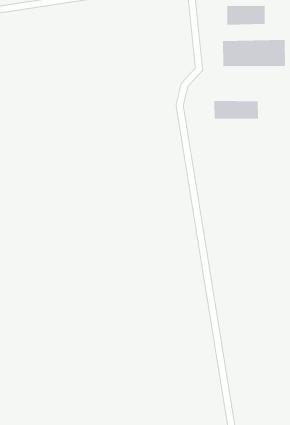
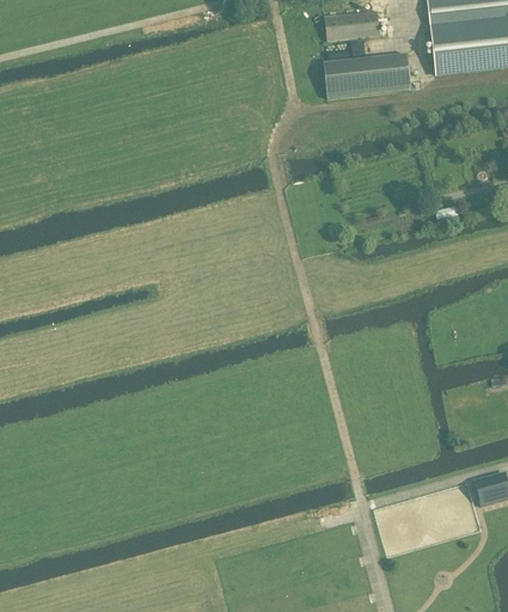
building: [214,100,258,119] -> none

